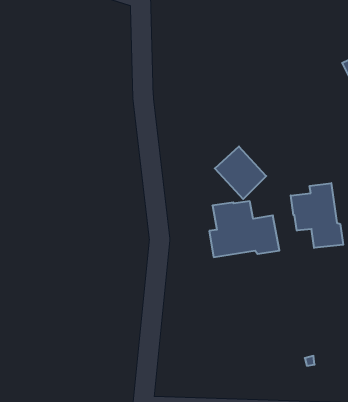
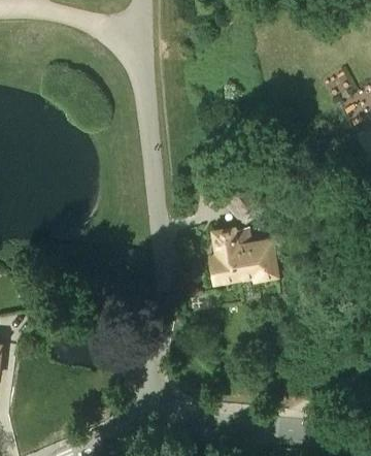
building: [291,183,343,248] -> none

